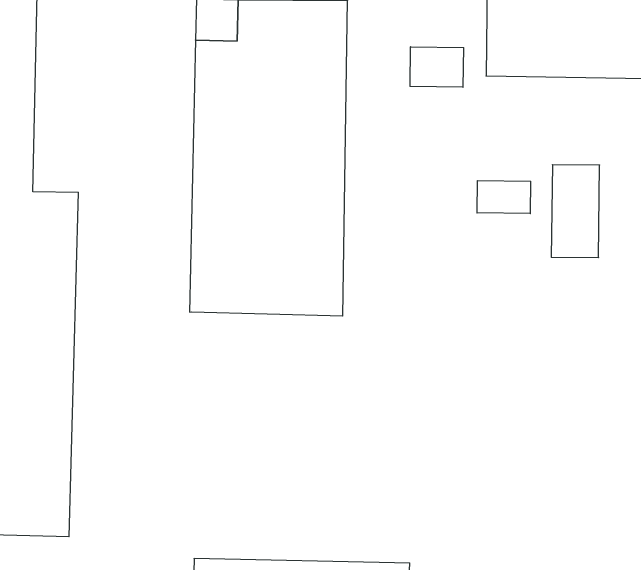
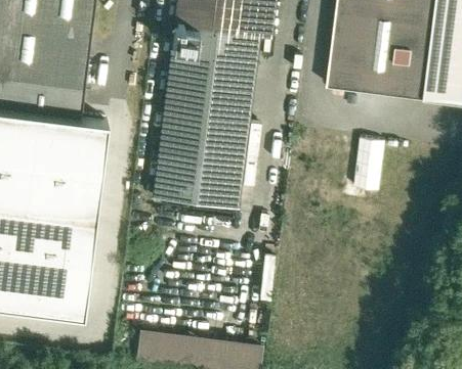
building: [410,47,464,87] -> none
building: [477,181,531,214] -> none

